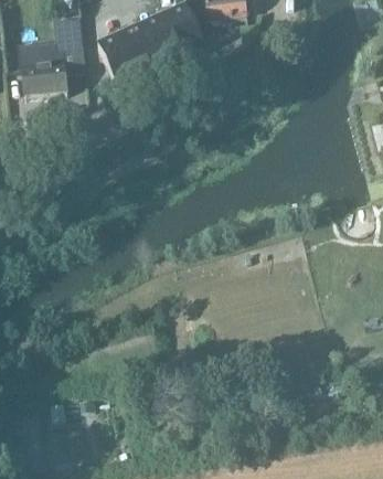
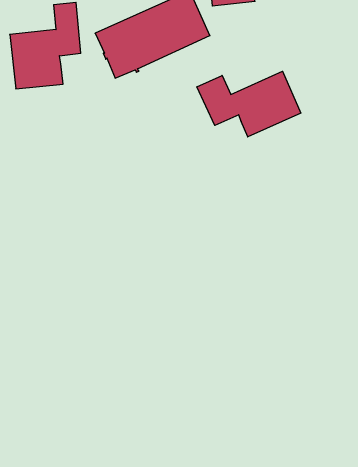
building: none -> [197,71,301,137]

